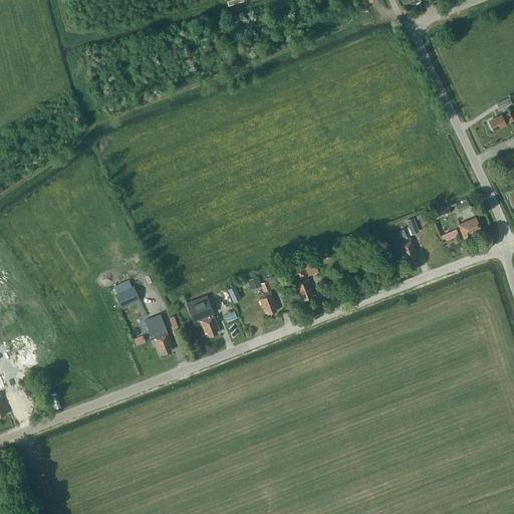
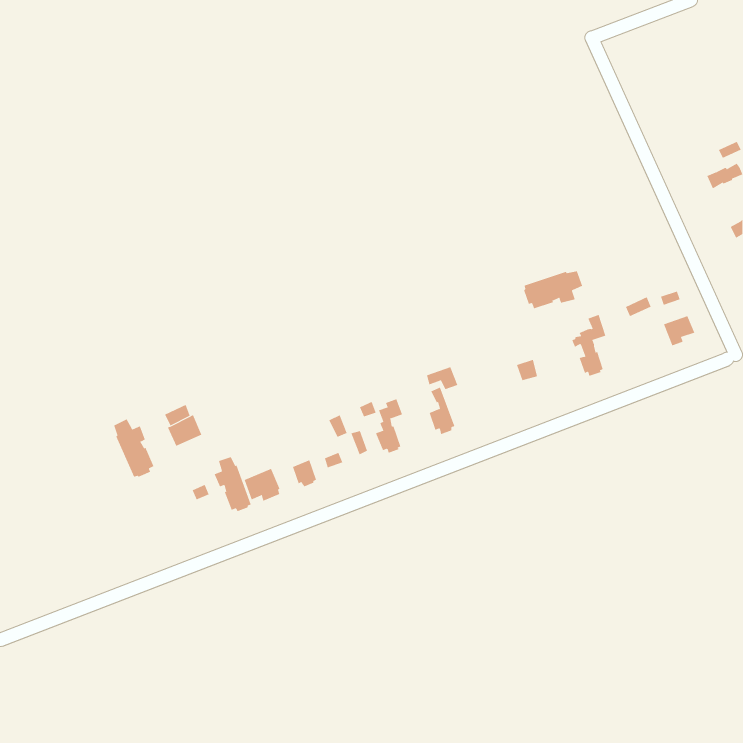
building: none -> [524,271,583,309]
building: none -> [114,419,154,478]
building: [189,299,214,322] -> [244,468,280,502]

